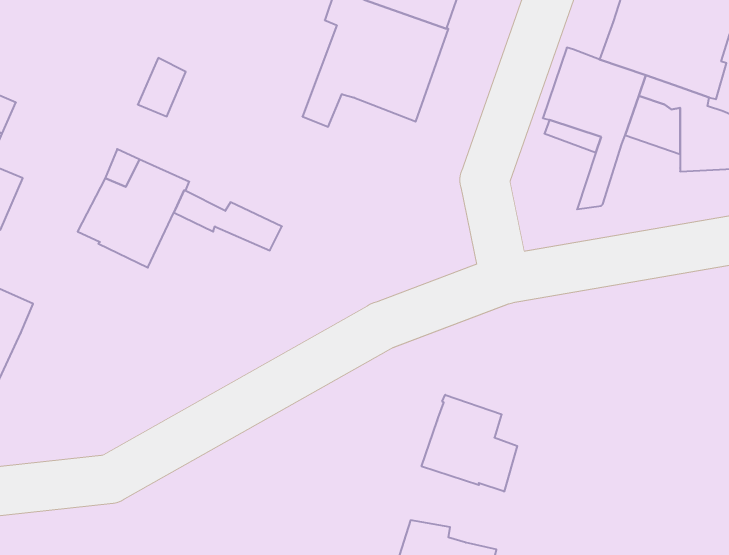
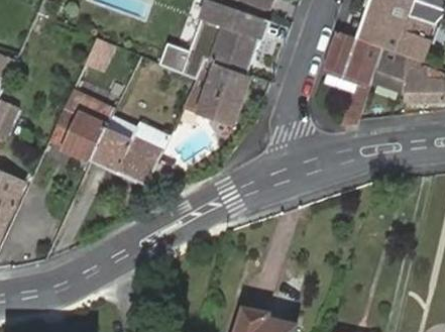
building: none -> [183,59,250,124]
building: none -> [90,128,161,185]
building: [422,395,517,492] -> none

